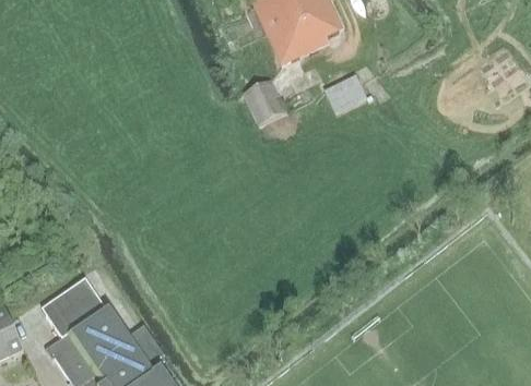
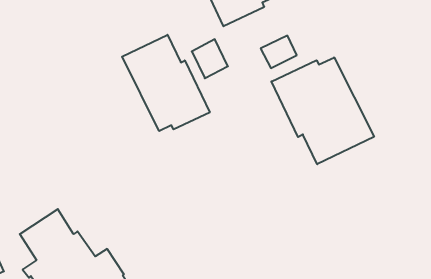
building: none -> [122,35,210,131]
building: none -> [271,57,374,164]

